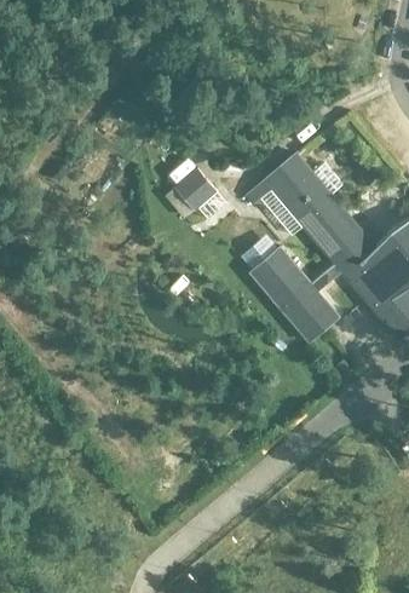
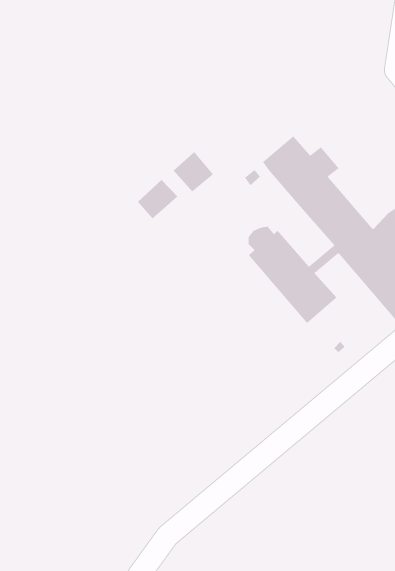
building: none -> [137,179,178,219]

